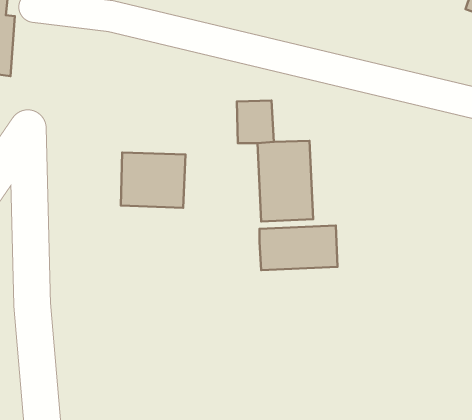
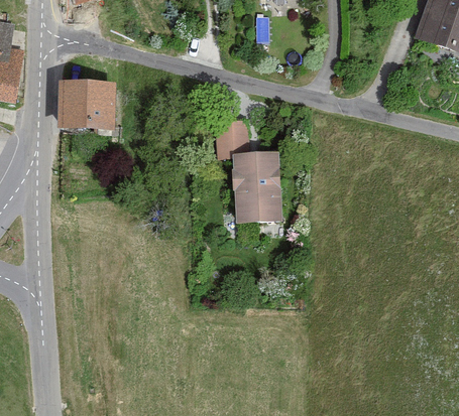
building: [121,152,186,208] -> [59,83,115,131]
building: [259,226,338,270] -> none

